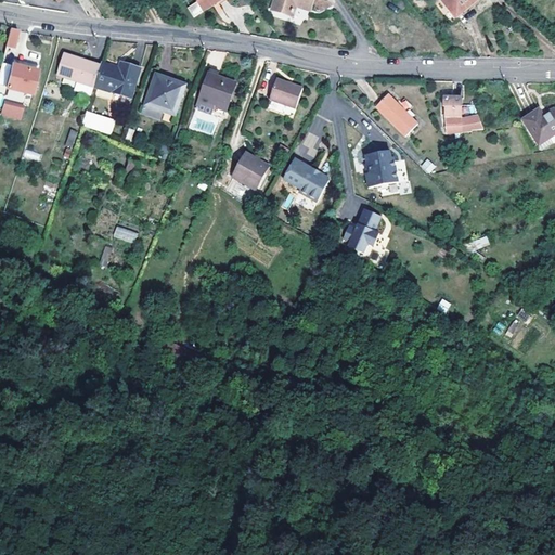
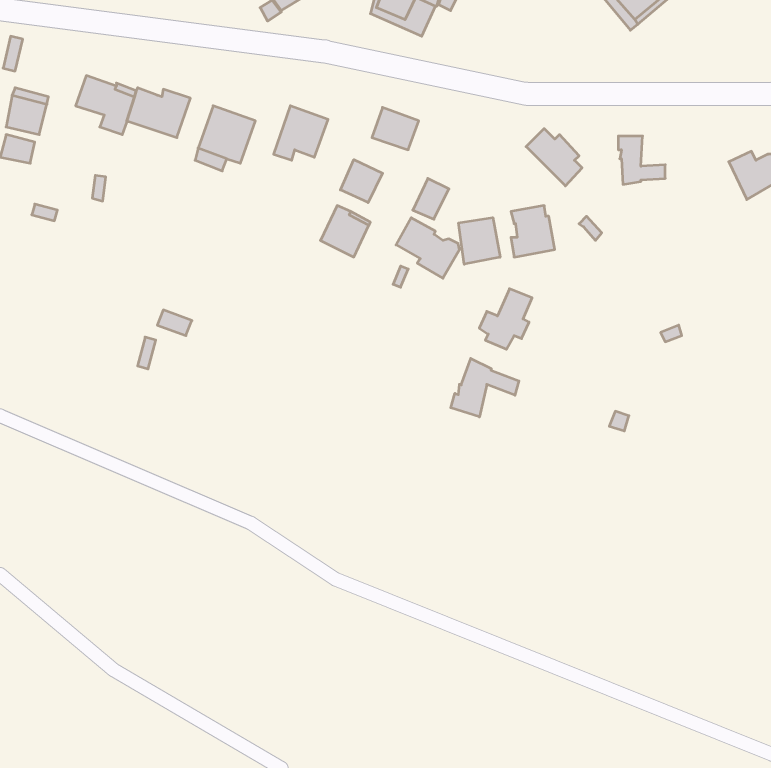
building: [82,107,116,132] -> none
building: none -> [340,160,383,203]
building: none -> [459,218,500,264]
building: none -> [451,358,519,417]

